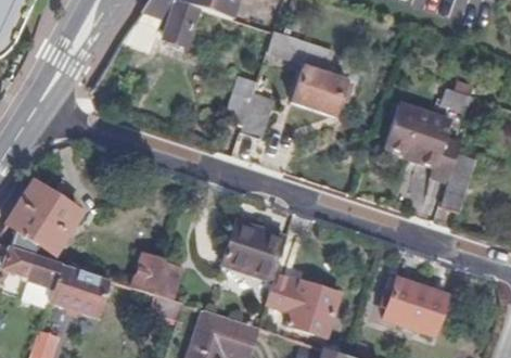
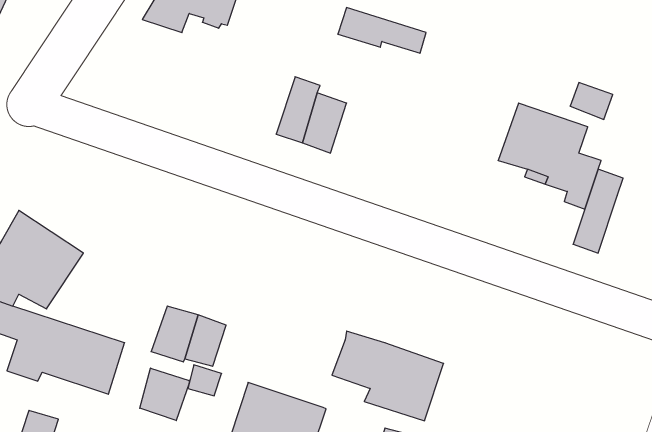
building: [293,65,345,113] -> none
building: [221,220,284,277] -> none
building: [384,278,447,333] -> none
building: none -> [140,368,189,421]

